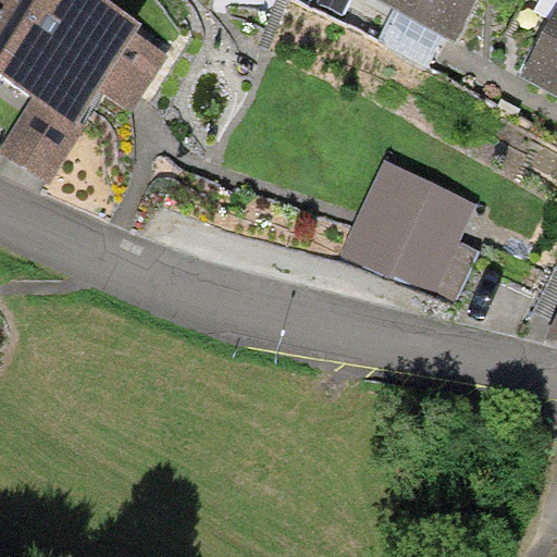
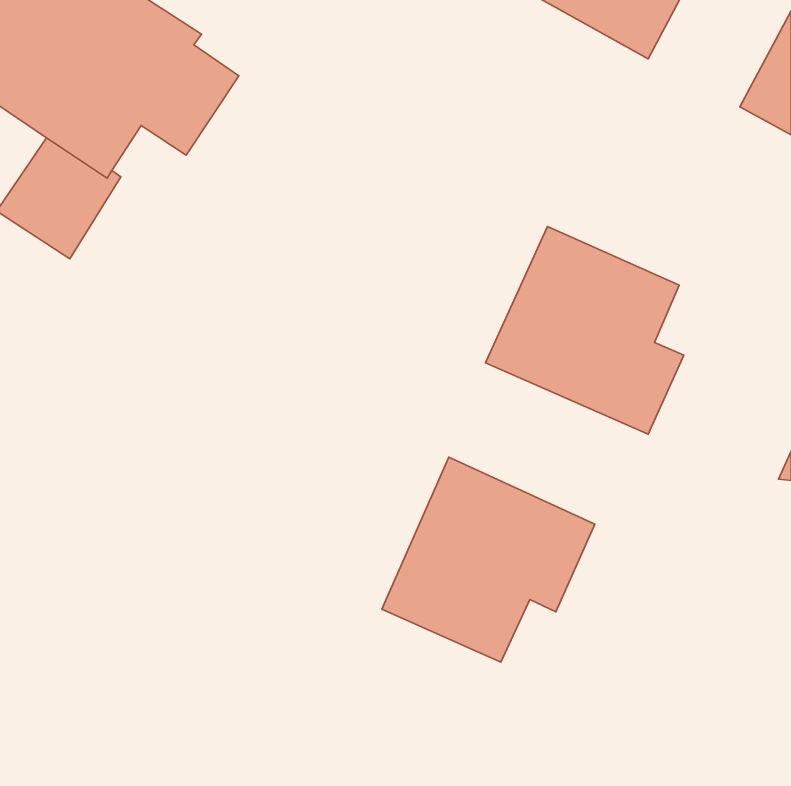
building: none -> [382,457,595,662]

